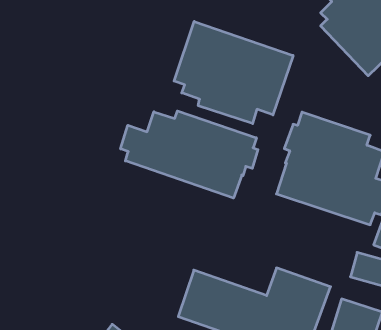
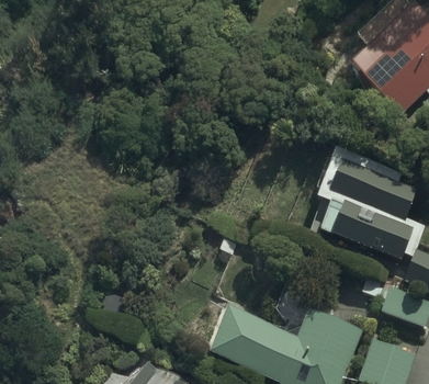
building: [174,21,293,124] -> none
building: [121,111,258,198] -> none

